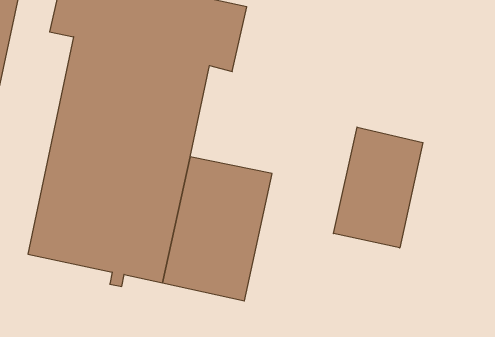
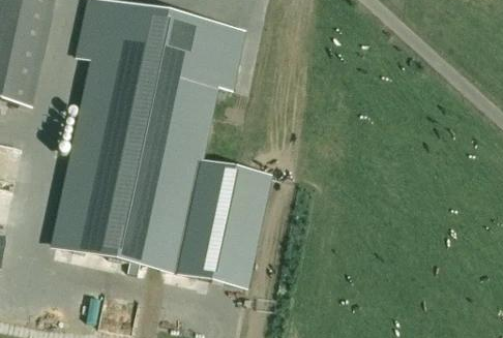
building: [333,127,423,248] -> none

